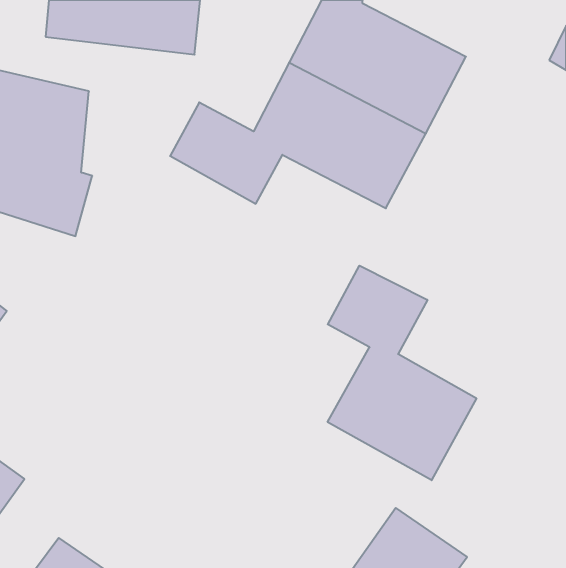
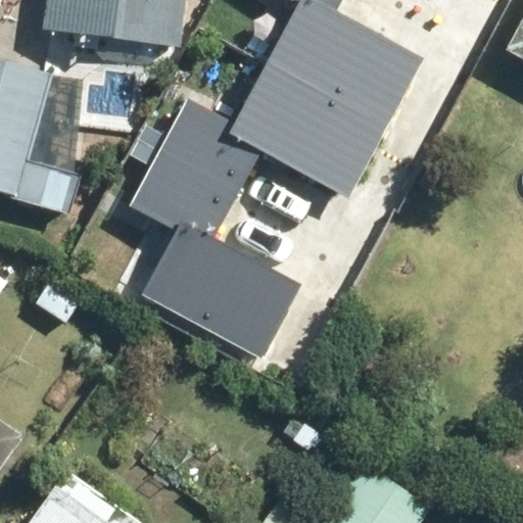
building: none -> [128,144,297,345]
building: [328,266,476,480] -> none

